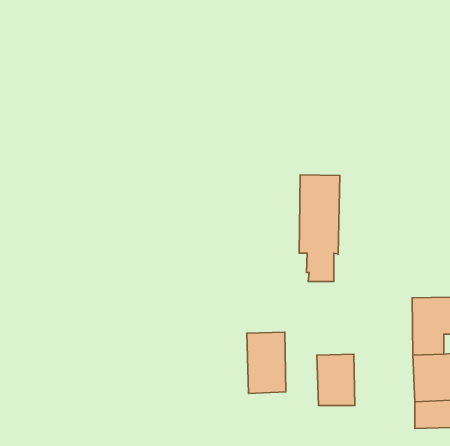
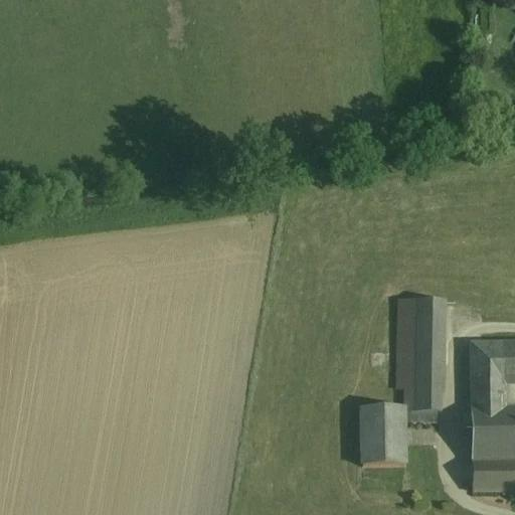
building: [299,175,340,281] -> [398,297,445,418]
building: [247,332,286,394] -> none

